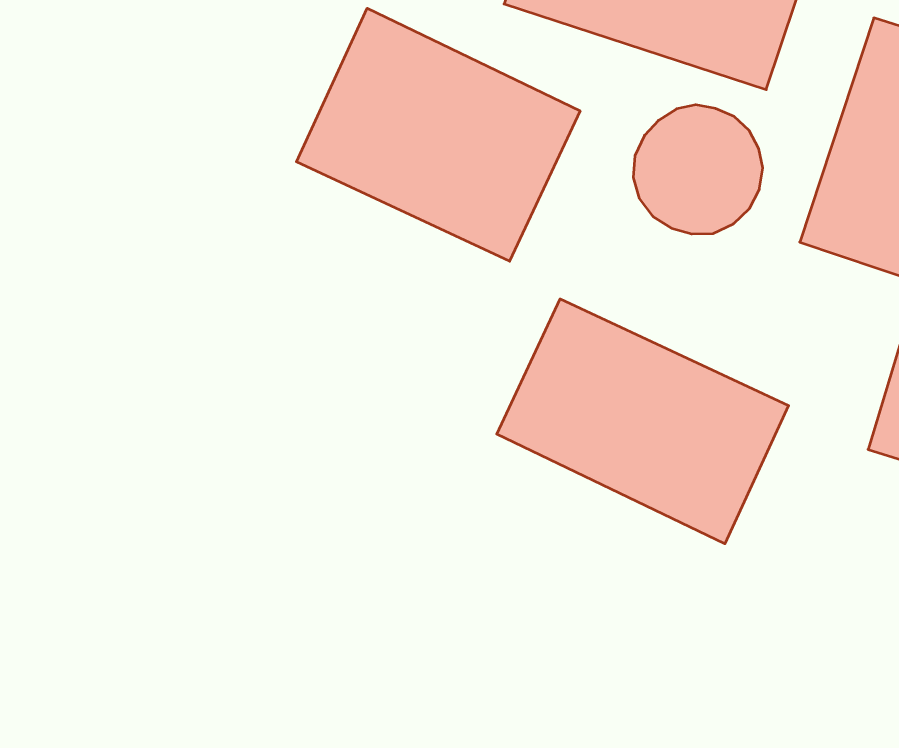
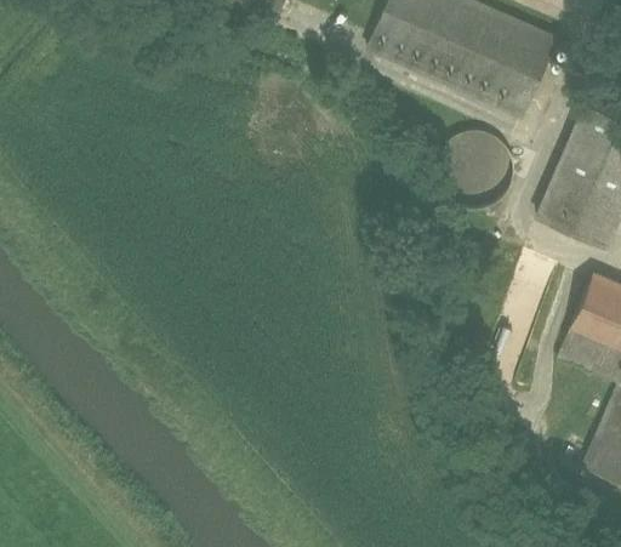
building: [296,8,580,261] -> none
building: [497,299,789,544] -> none

